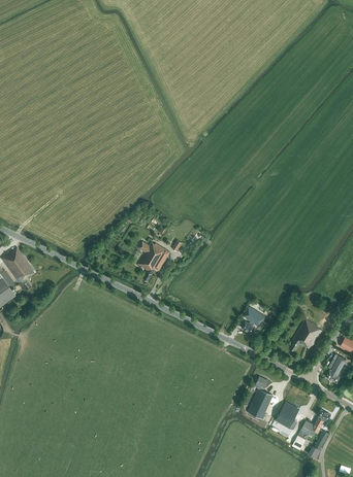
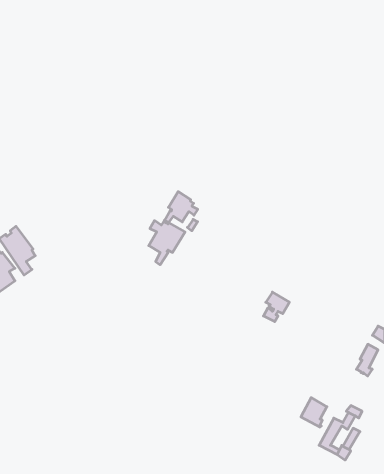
building: none -> [164,192,198,223]
building: [290,318,322,350] -> none
building: [248,376,272,418] -> none

